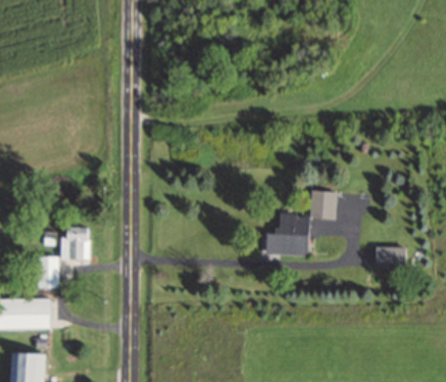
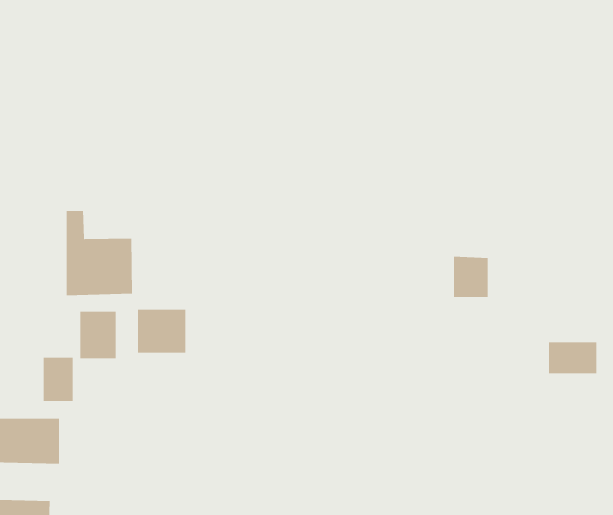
building: none -> [66,210,132,296]
building: [265,213,308,255] -> none
building: none -> [138,309,186,353]

